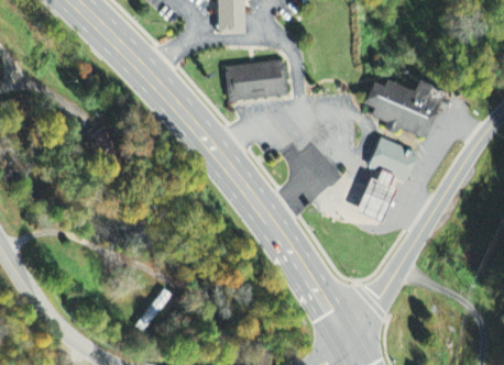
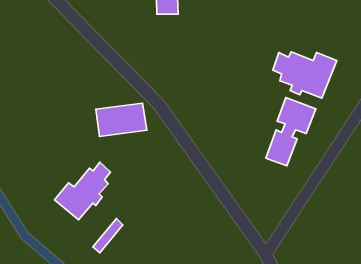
building: [224,58,288,100] -> [96,103,147,136]
building: none -> [54,162,111,220]

